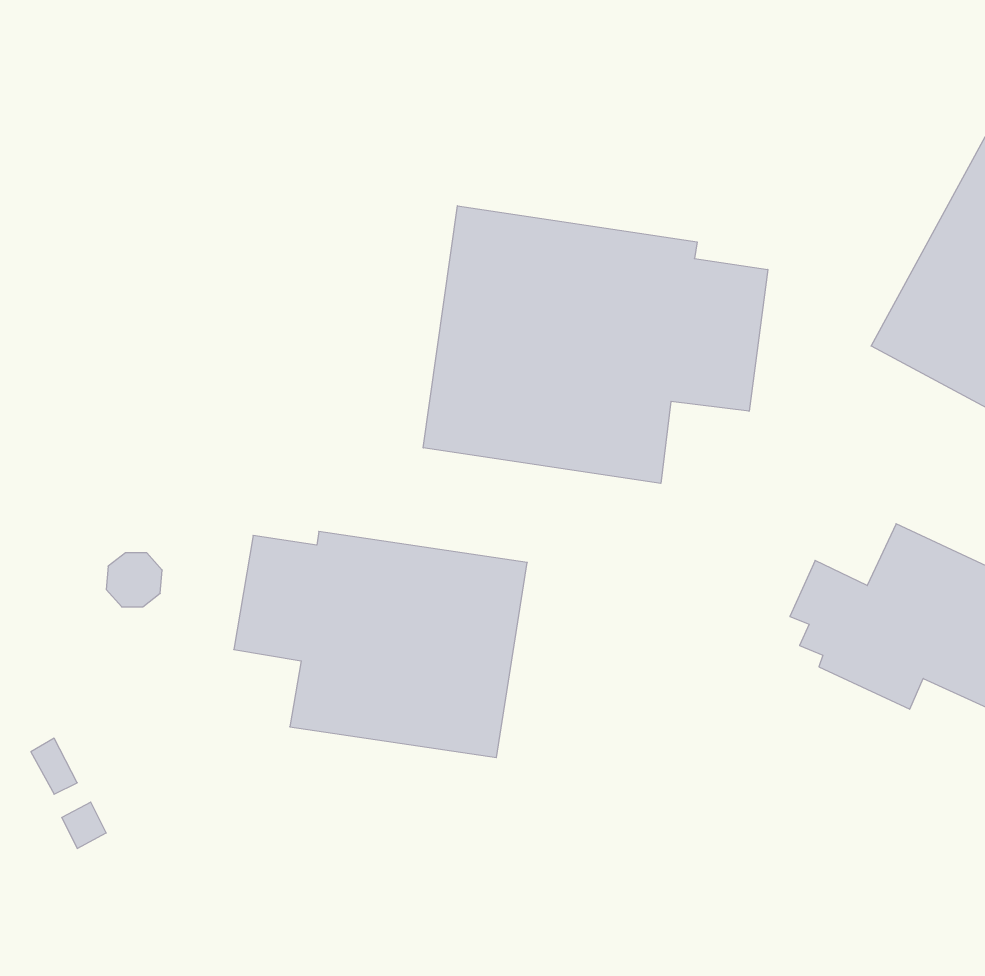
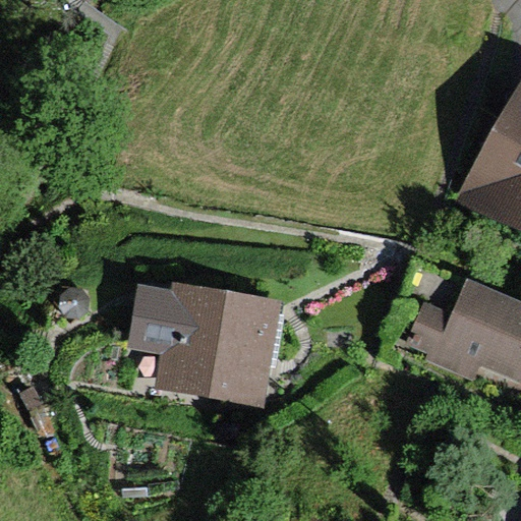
building: [423,206,768,483] -> none

